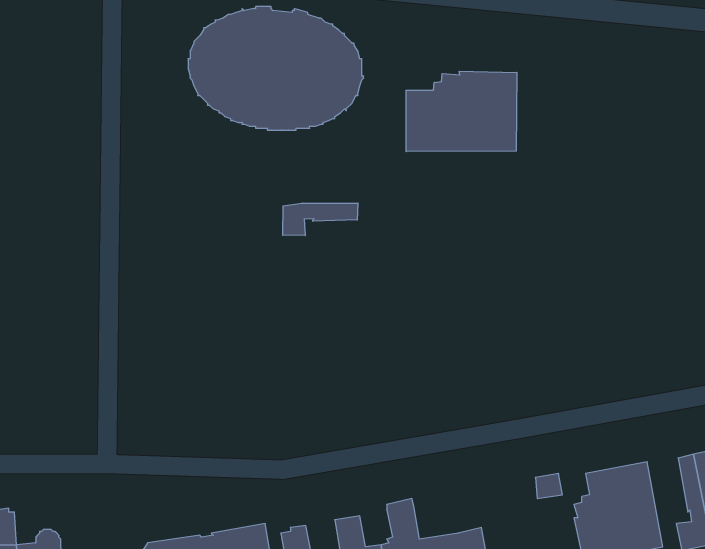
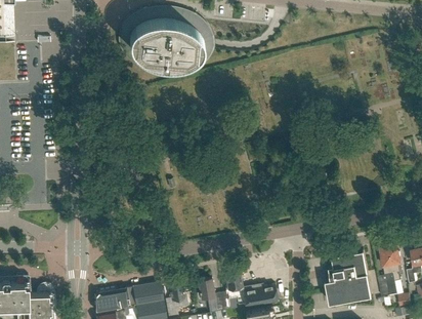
building: [406,71,517,152] -> none
building: [283,203,358,236] -> none

